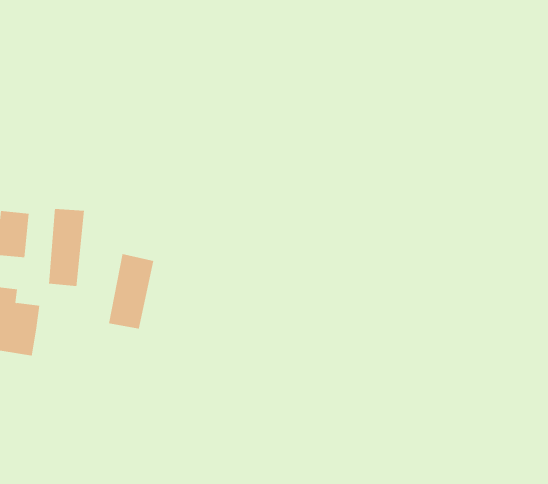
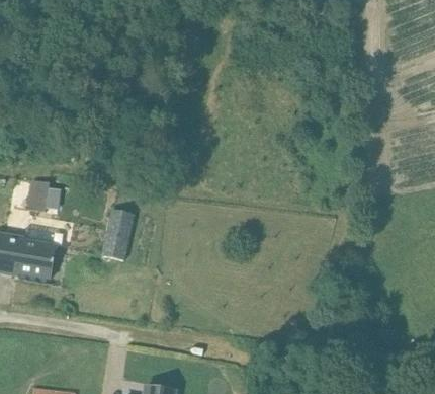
building: [48,208,84,287] -> none

